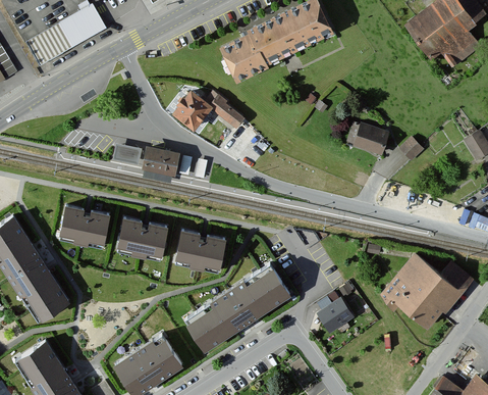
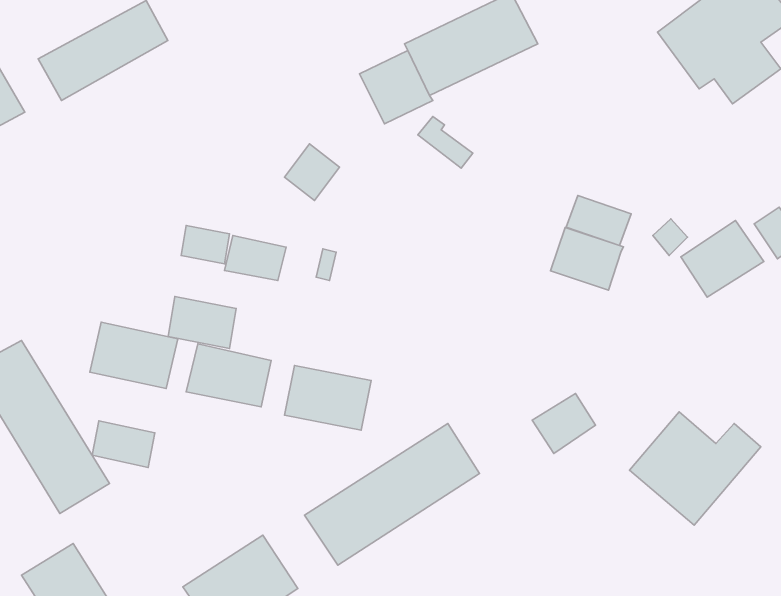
building: [210,96,243,128] -> [418,117,473,168]
building: none -> [681,220,764,297]
building: none -> [550,227,623,290]
building: none -> [168,297,236,348]
building: none -> [92,421,155,467]
building: [315,298,354,335] -> [532,394,596,454]

